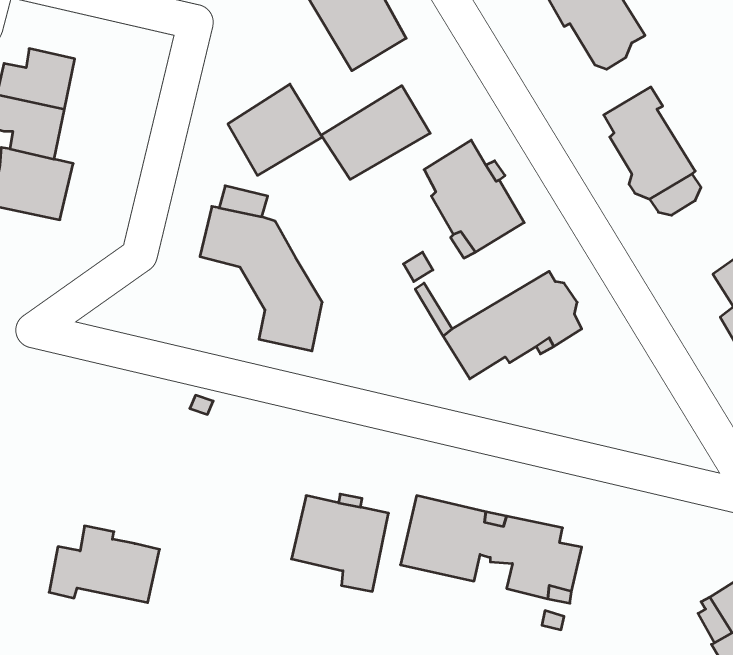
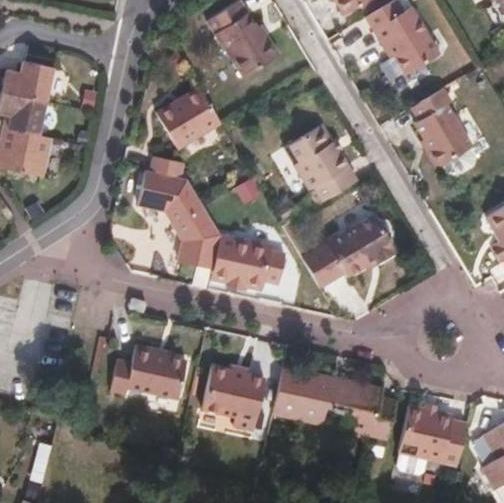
building: [321,86,430,179] -> none
building: none -> [211,234,284,288]
building: [49,526,160,603] -> [118,344,193,396]
building: none -> [398,403,466,464]

